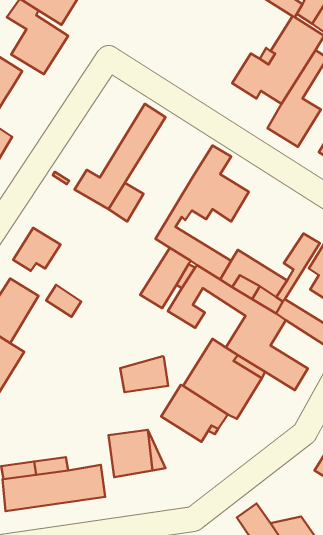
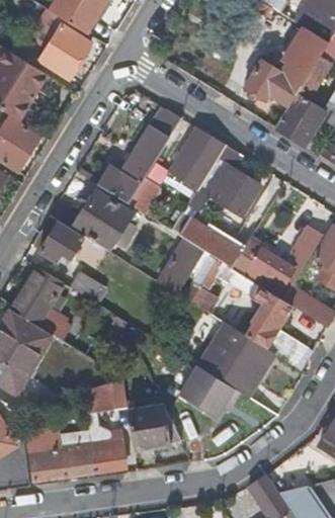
building: none -> [169,127,225,181]
building: none -> [72,189,132,250]
building: [120,356,168,392] -> [83,380,128,414]

